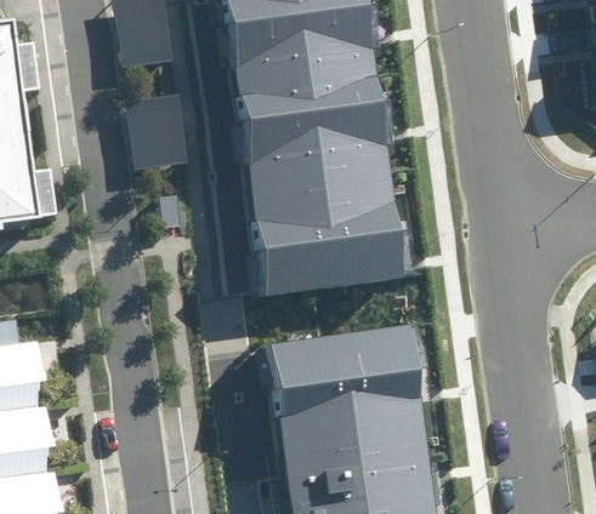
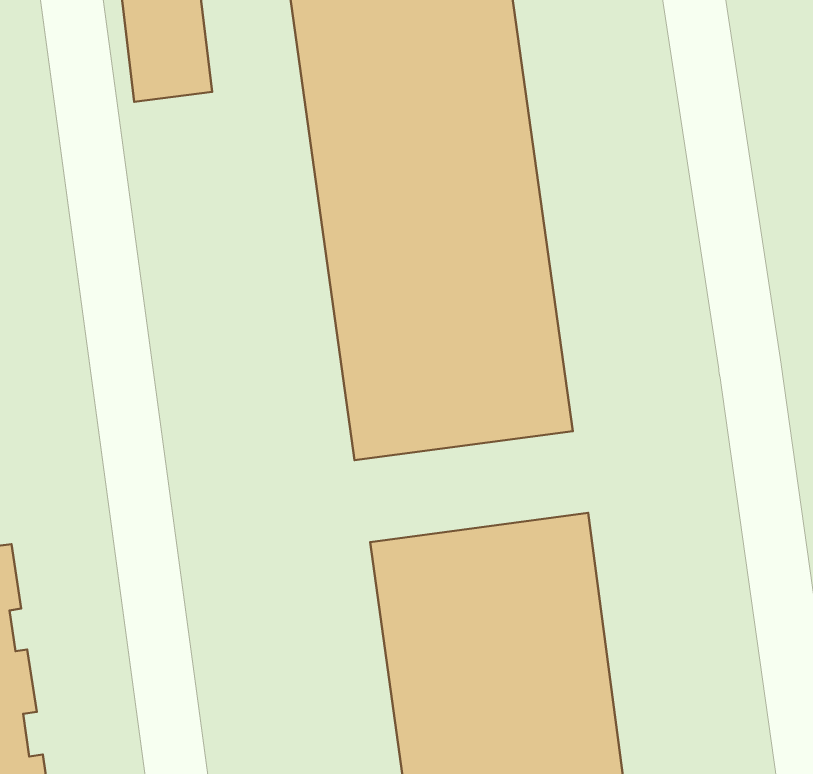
building: [127,92,185,169] -> none

